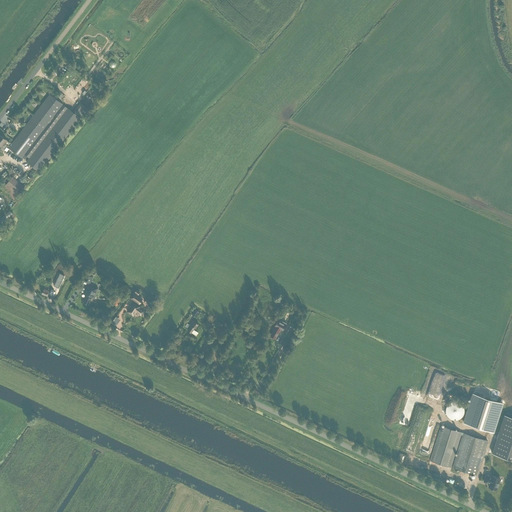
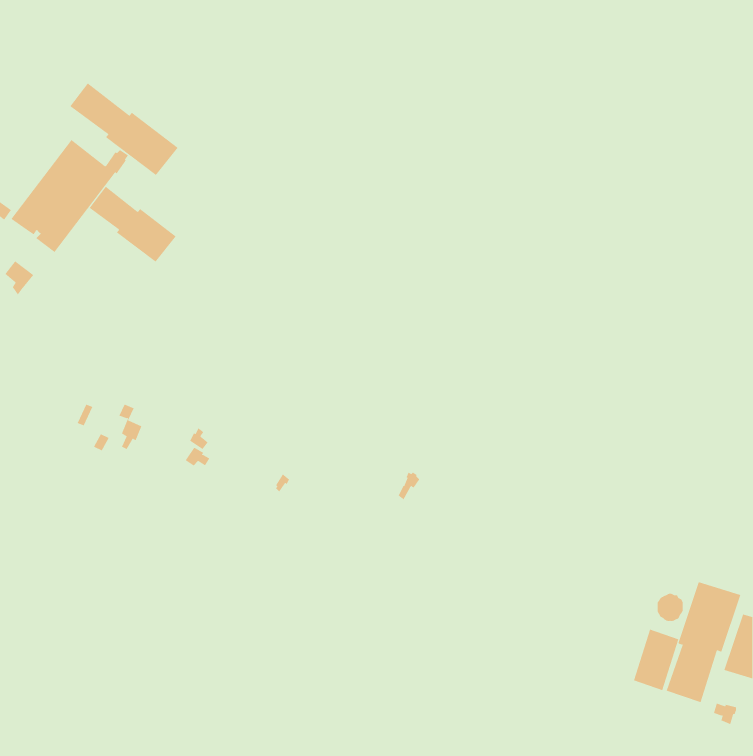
building: none -> [70,82,179,176]
building: none -> [89,186,177,263]

